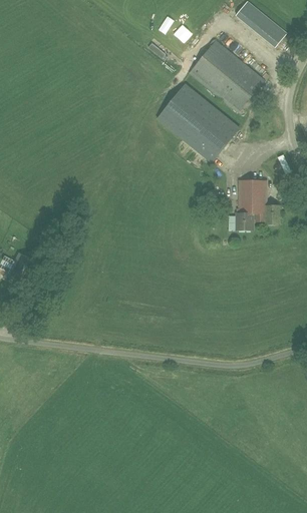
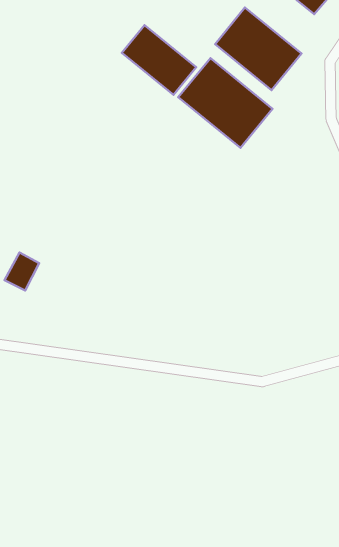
building: none -> [122,25,196,95]
building: [236,181,280,230] -> none

